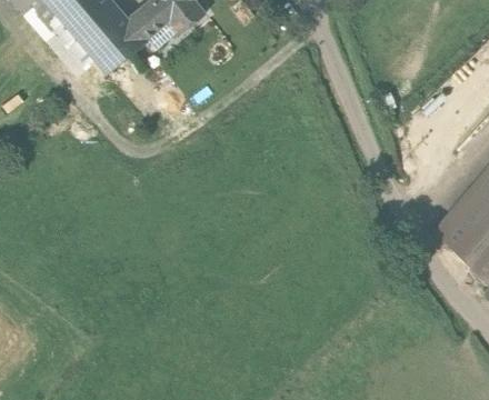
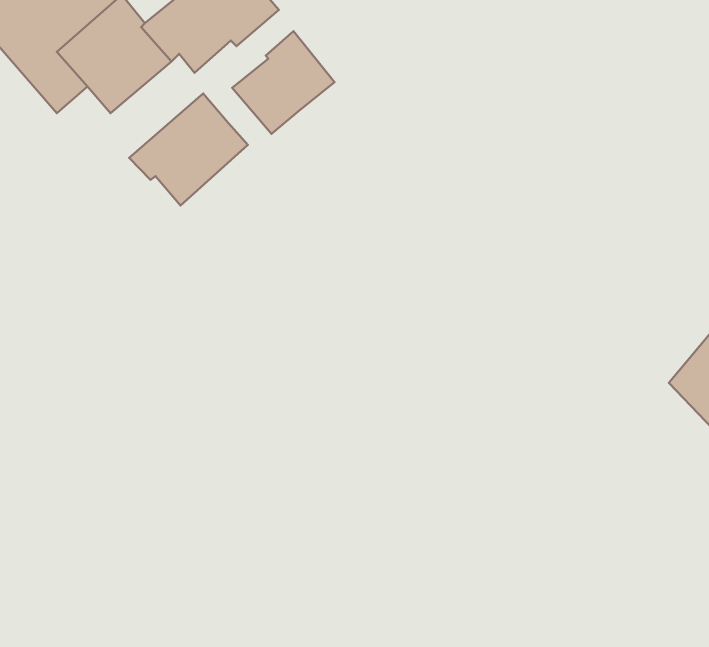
building: none -> [232,31,335,134]
building: none -> [129,93,248,205]

